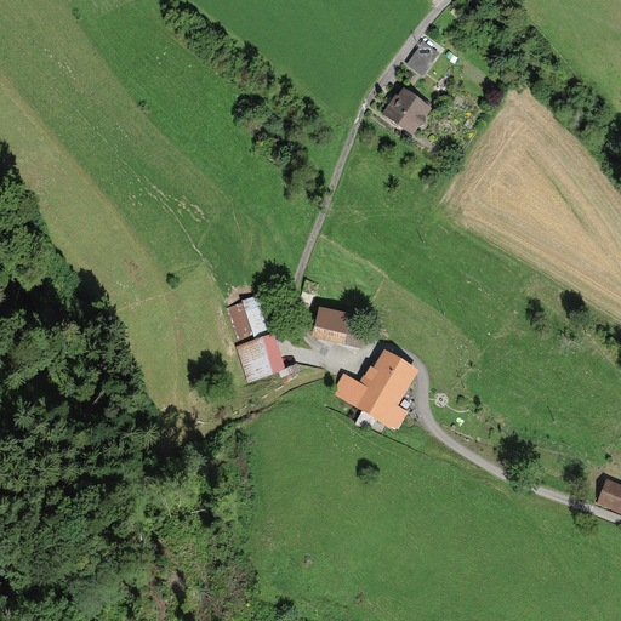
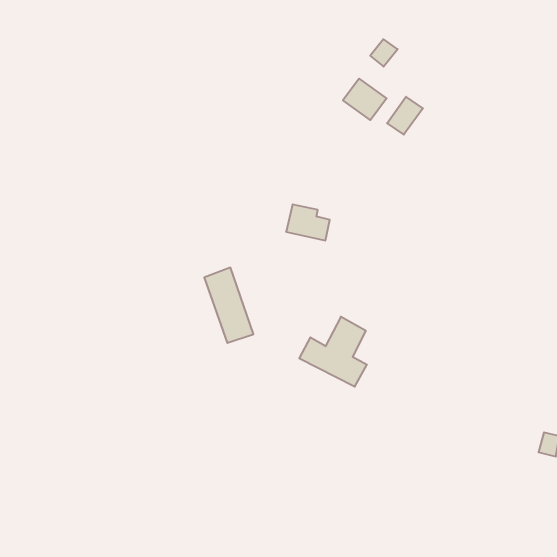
building: none -> [387,97,423,135]
building: [312,301,360,341] -> [286,204,330,241]

